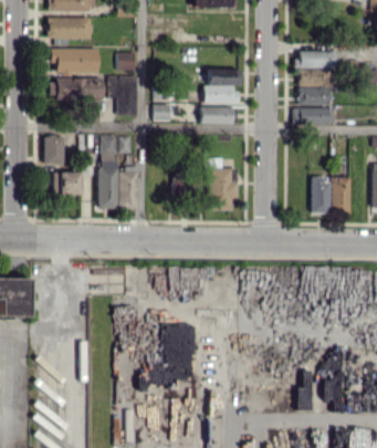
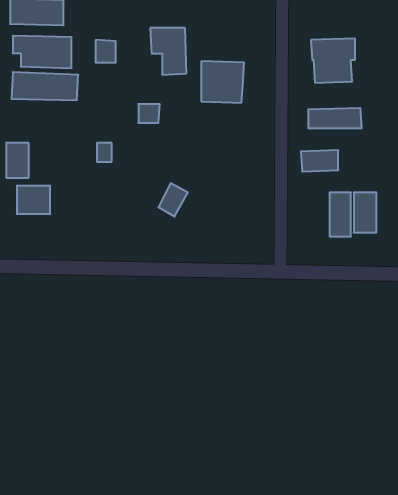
building: [108,76,138,115] -> [150,28,186,75]
building: [299,87,329,105] -> [301,150,338,172]
building: [200,105,233,124] -> none
building: [98,135,138,208] -> none
building: [208,167,237,210] -> none

